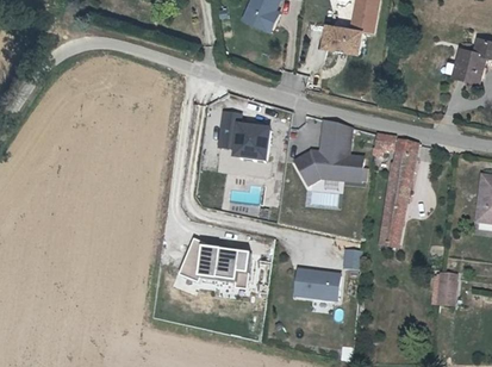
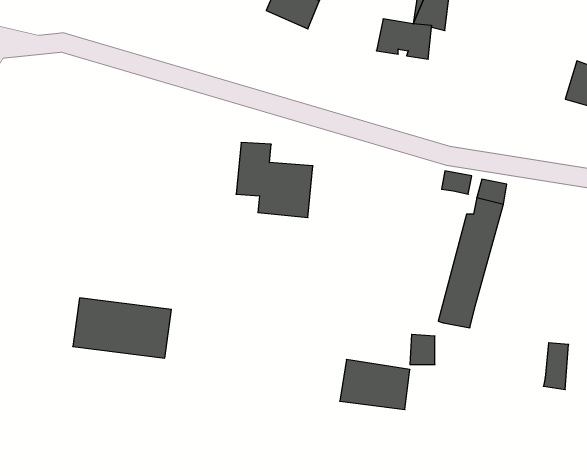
building: [299,124,368,188] -> none
building: [186,244,256,287] -> [73,298,171,358]

